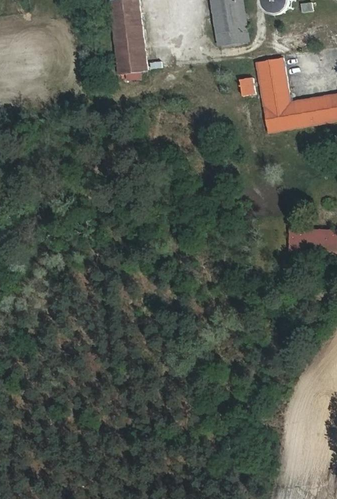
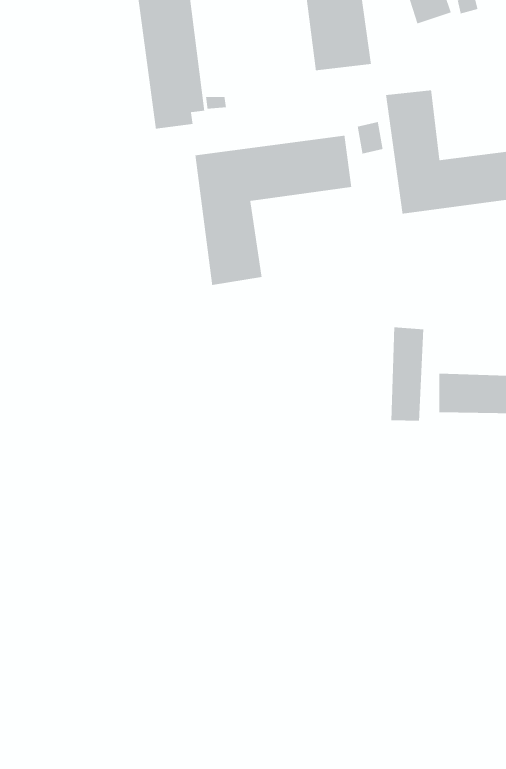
building: none -> [195,135,352,286]
building: none -> [390,327,424,421]

